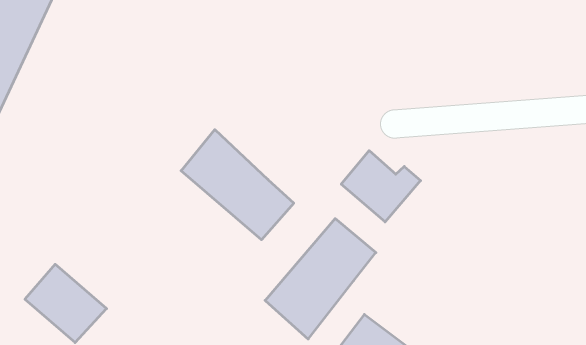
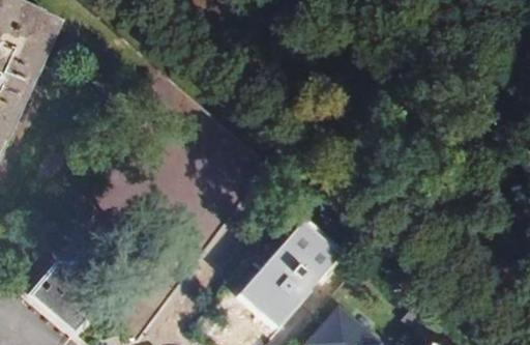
building: [181,130,294,240] -> none
building: [341,151,421,222] -> none

